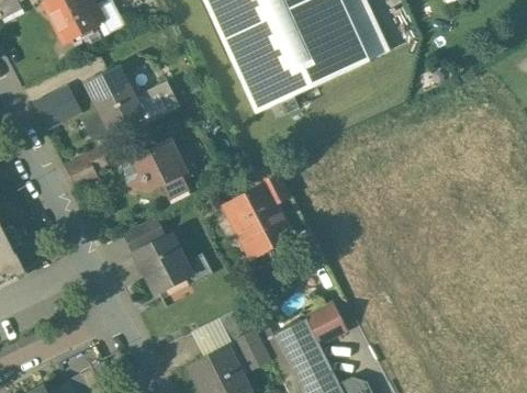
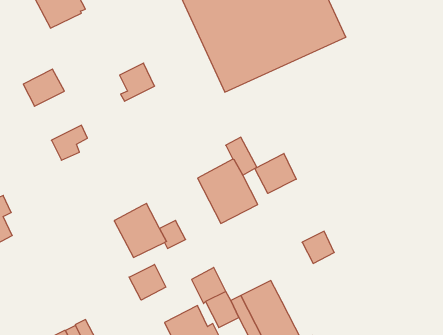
building: [86,66,149,131] -> none
building: [117,145,188,195] -> none
building: none -> [255,153,296,193]
building: [122,216,166,254] -> none
building: none -> [129,264,166,300]
building: [306,306,341,341] -> [302,231,334,263]

